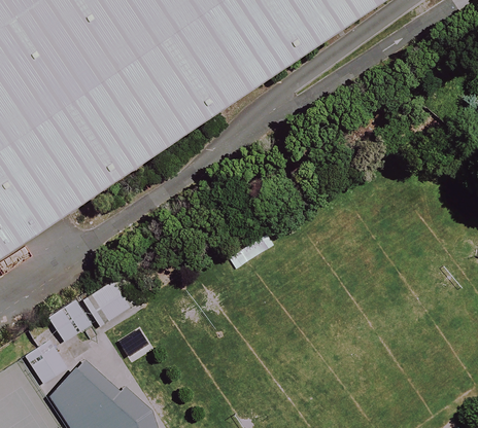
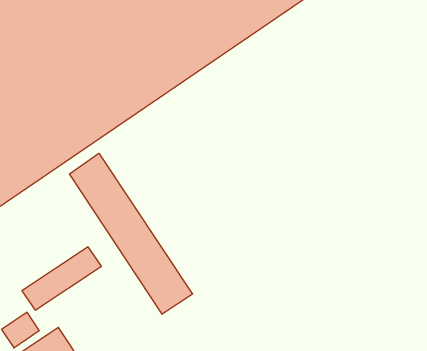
building: none -> [69,153,193,314]

